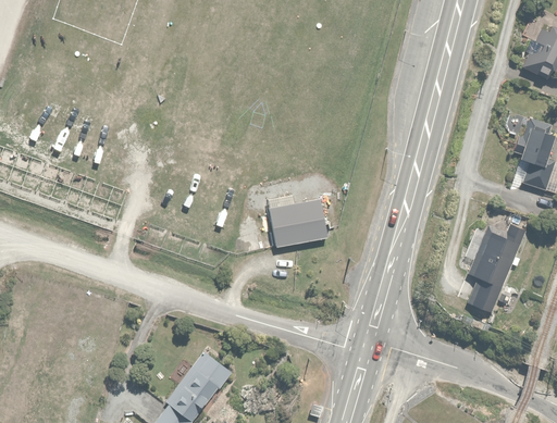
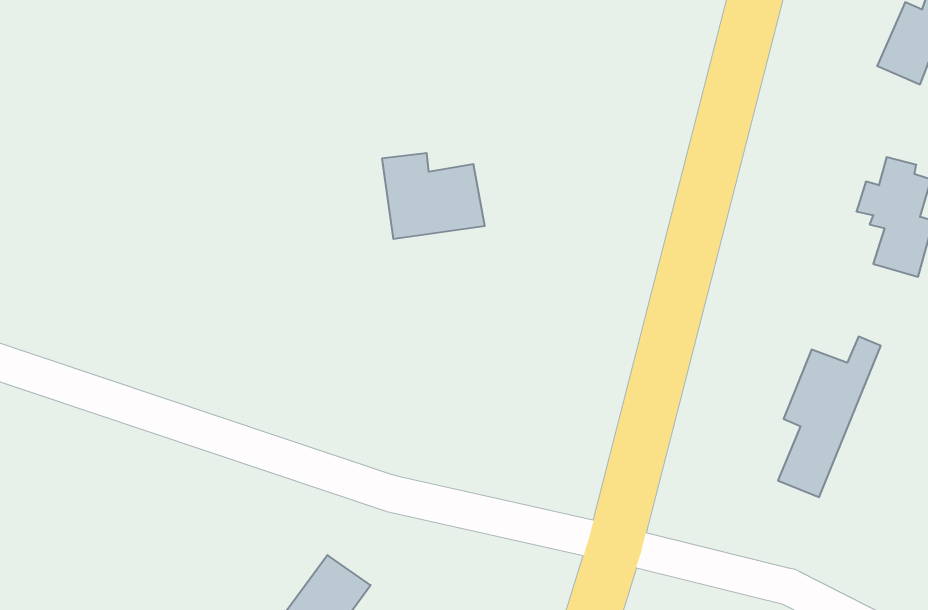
building: [268,196,327,246] -> [382,153,485,239]

